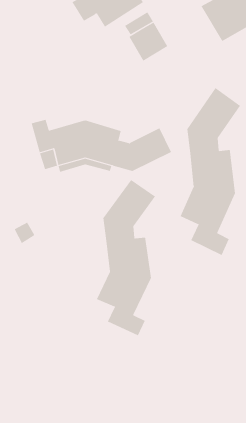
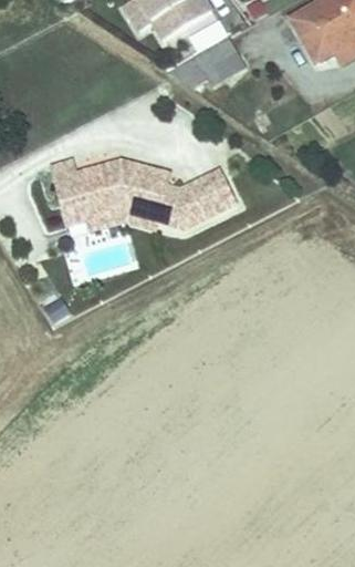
building: [180,87,241,256] -> none
building: [96,179,156,336] -> none

